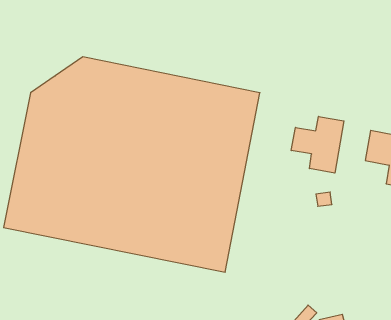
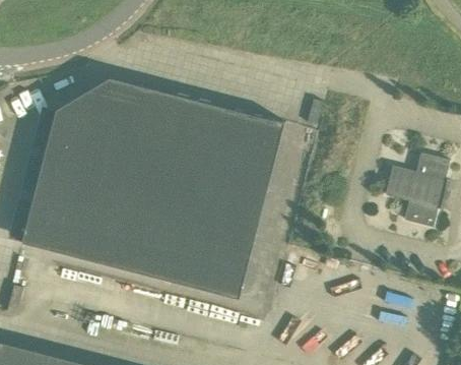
building: [291,116,344,173] -> none

